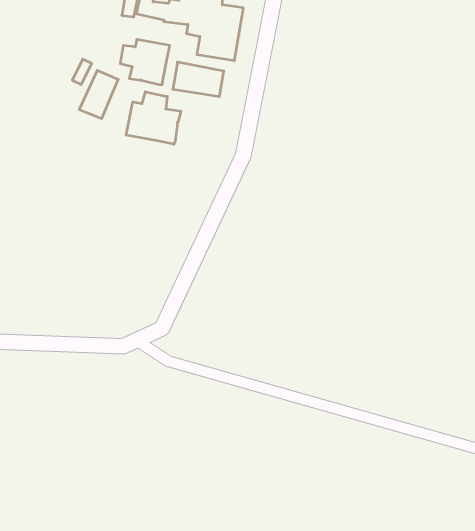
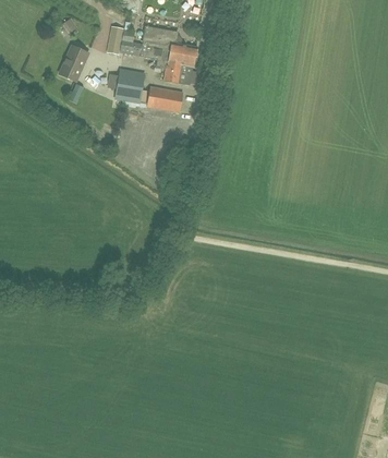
building: [79,70,118,119] -> [59,45,87,80]
building: [126,92,181,144] -> none

